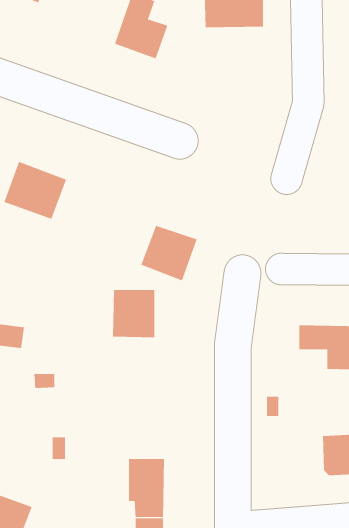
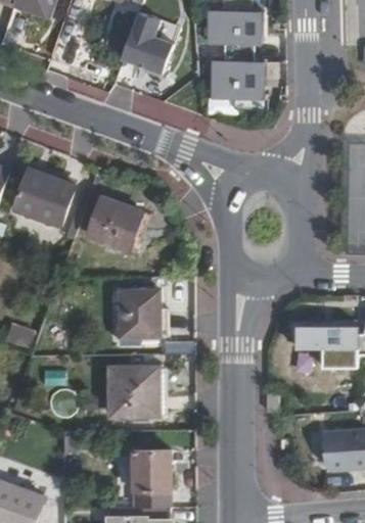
building: none -> [210,60,262,98]
building: [140,225,198,281] -> [87,197,141,250]
building: none -> [108,368,157,417]

